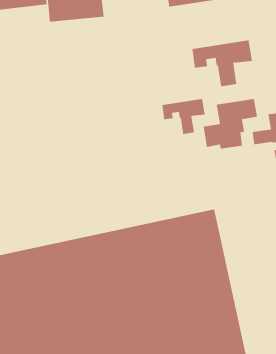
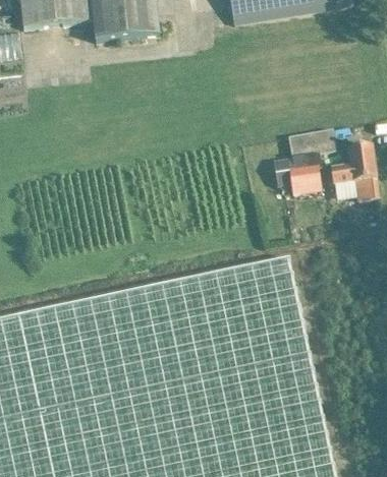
building: [192,40,252,87] -> none
building: [162,98,205,135] -> none

